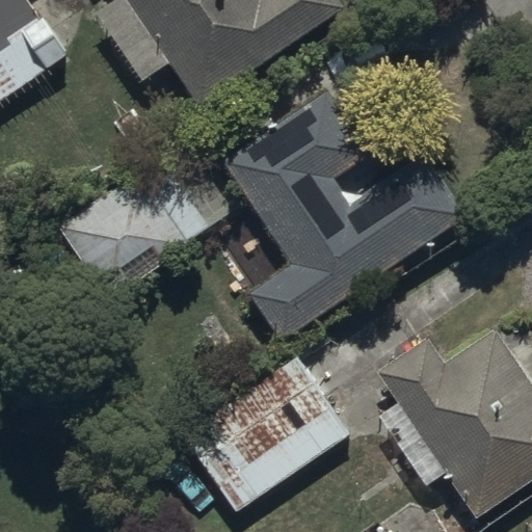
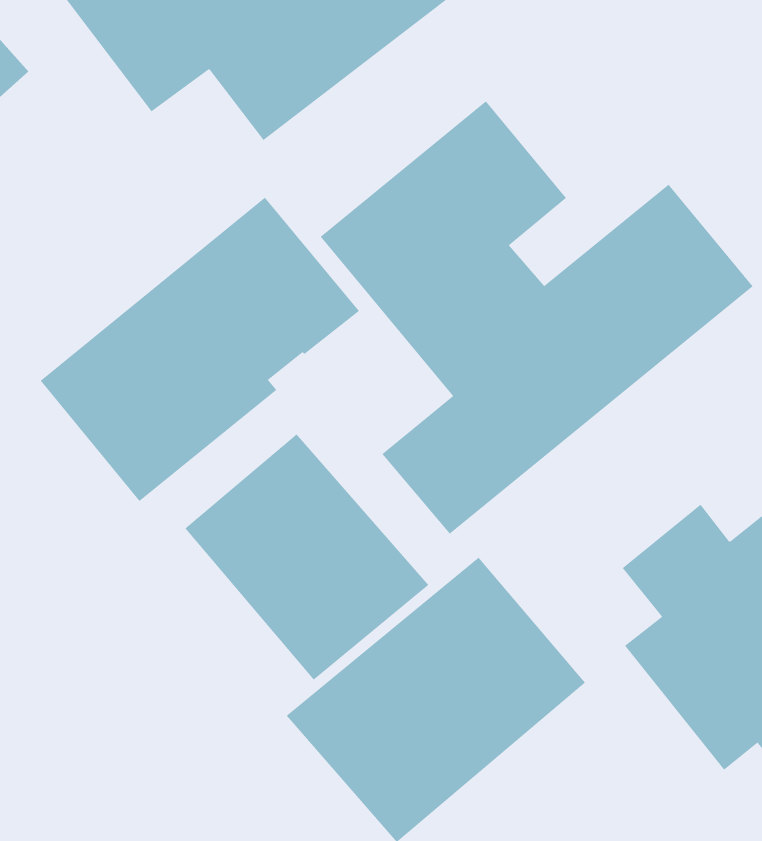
building: none -> [184,434,429,681]

